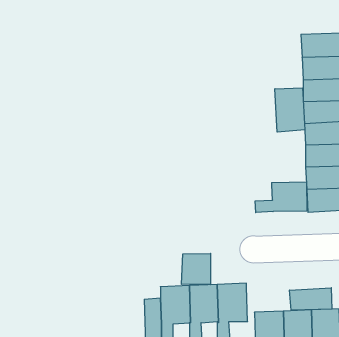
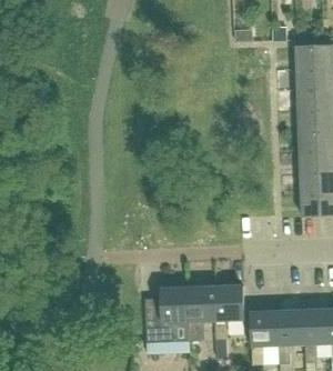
building: [275,88,305,132] -> none
building: [255,182,307,213] -> none
building: [181,253,211,285] -> none
building: [290,288,332,310] -> none

